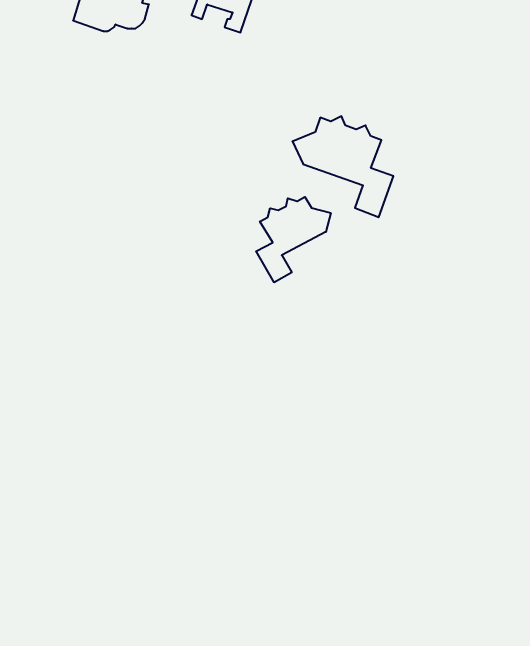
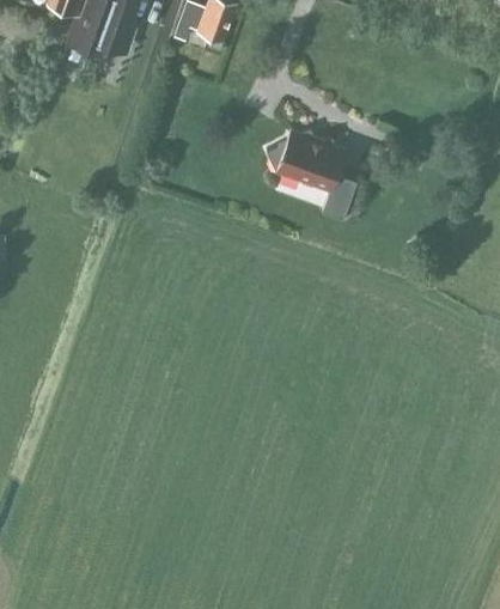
building: [256,197,331,282] -> none

